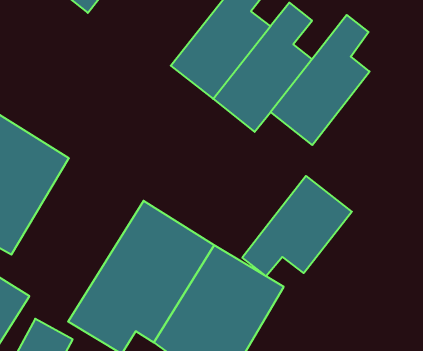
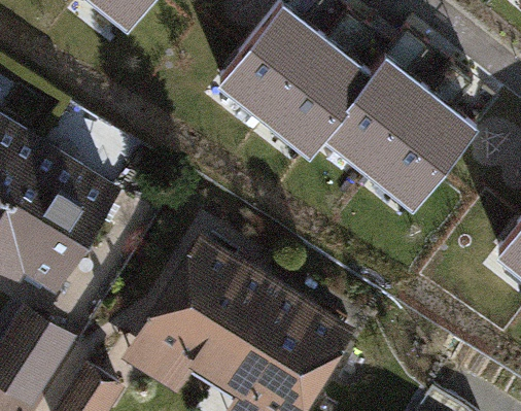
building: none -> [379,67,487,208]
building: [242,176,352,276] -> none

